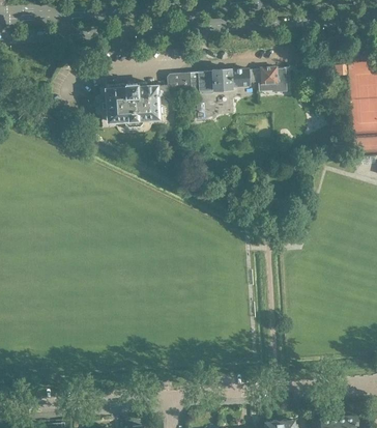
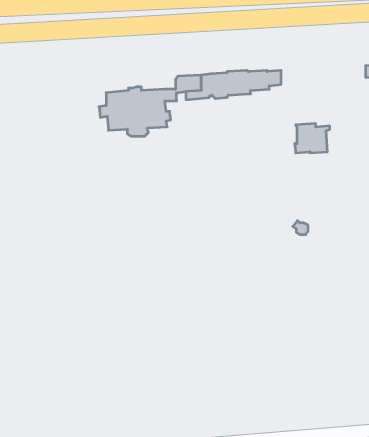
building: [258,66,289,92] -> [295,124,330,153]

